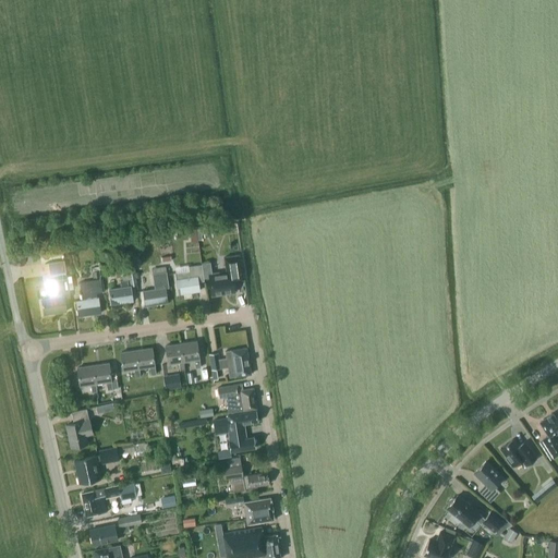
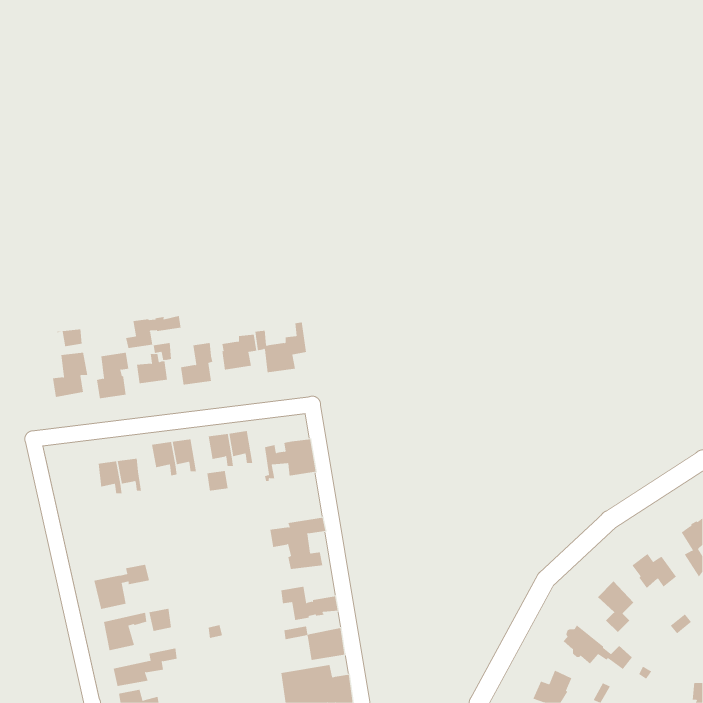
building: none -> [125,315,181,349]
building: [217,384,256,413] -> none
building: [66,408,93,447] -> none

